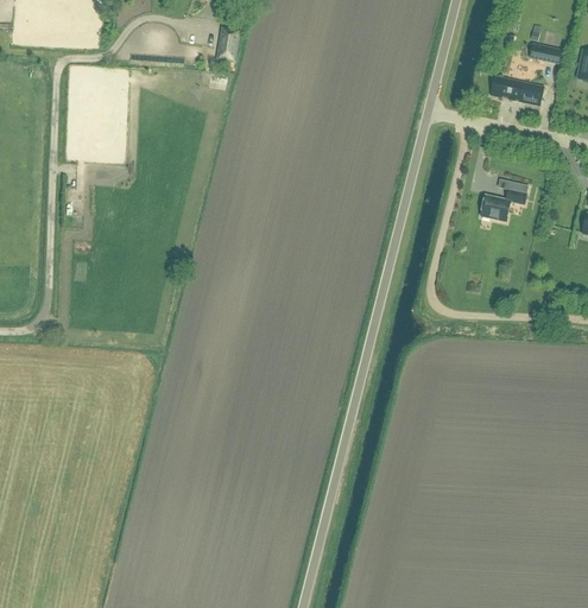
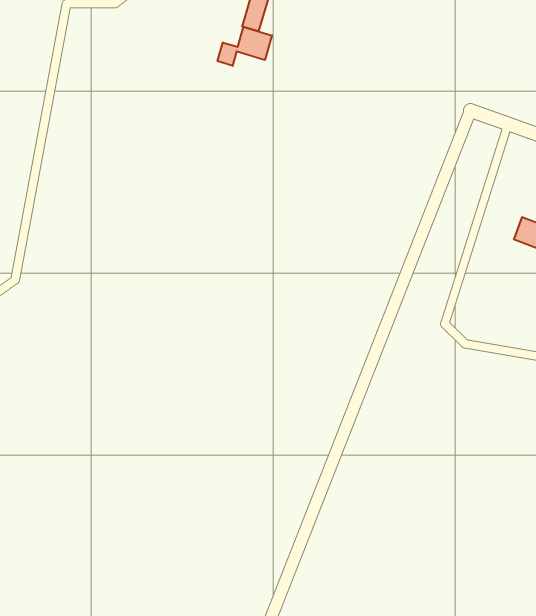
building: none -> [218,27,272,66]

